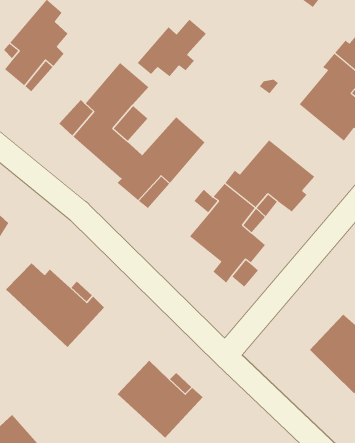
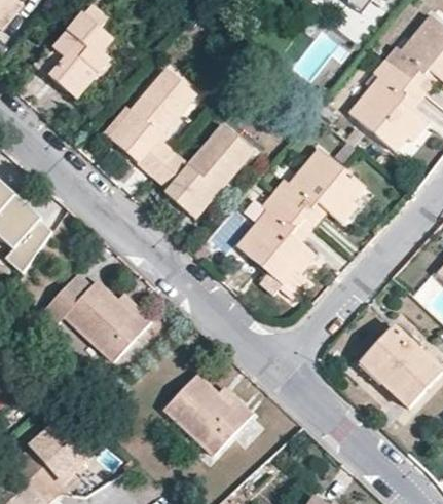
building: [137,19,207,77] -> none

